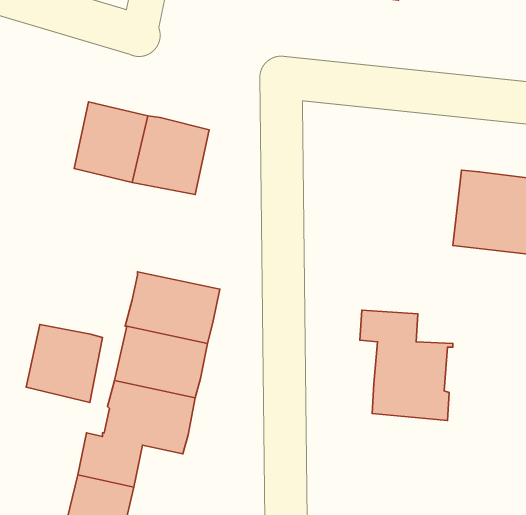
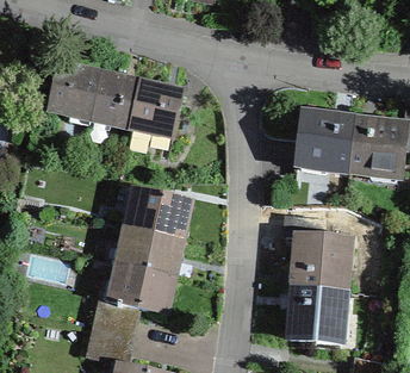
building: none -> [48,63,100,118]
building: none -> [297,113,354,170]
building: [26,325,103,402] -> none
building: none -> [288,285,344,341]

